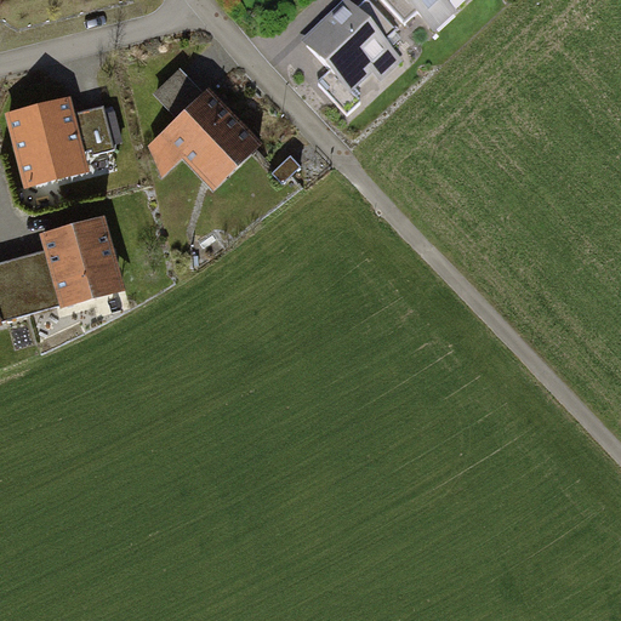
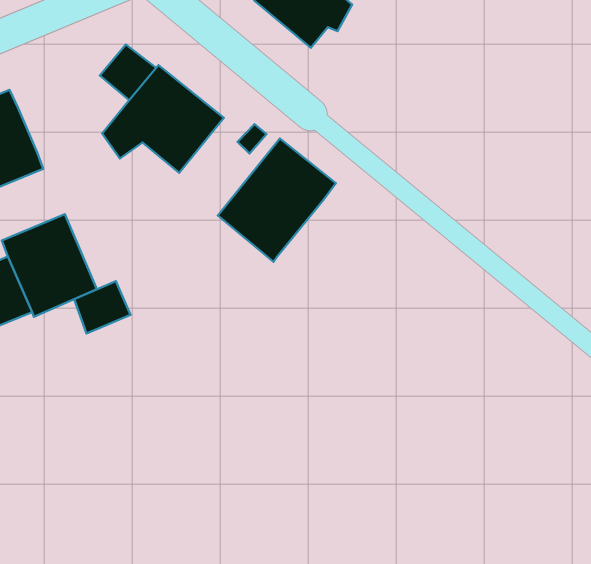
building: [73,103,115,155] -> none
building: none -> [218,138,336,262]
building: none -> [74,281,130,333]

